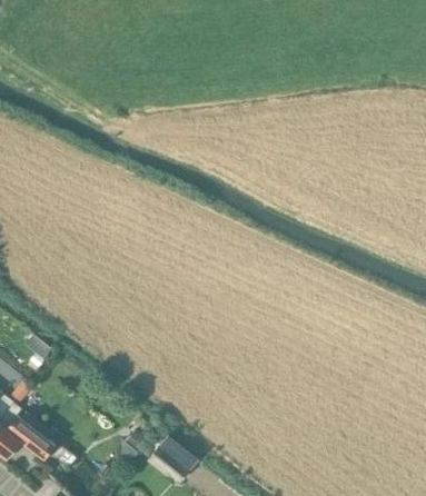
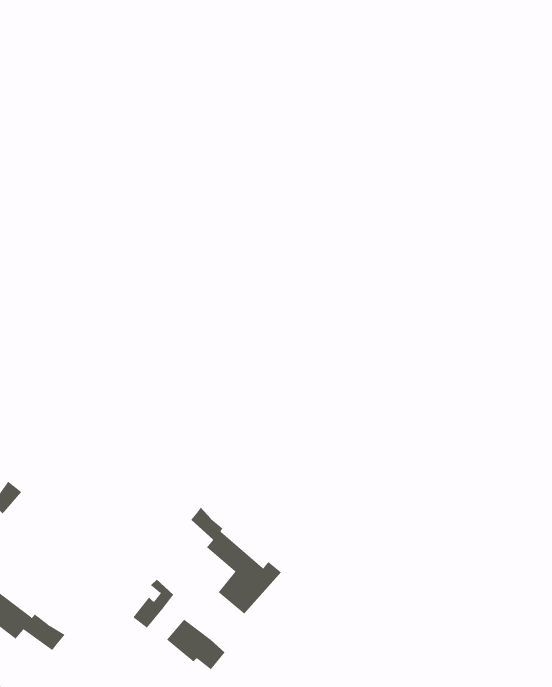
building: none -> [190,507,282,614]

